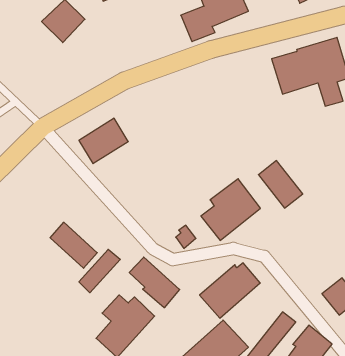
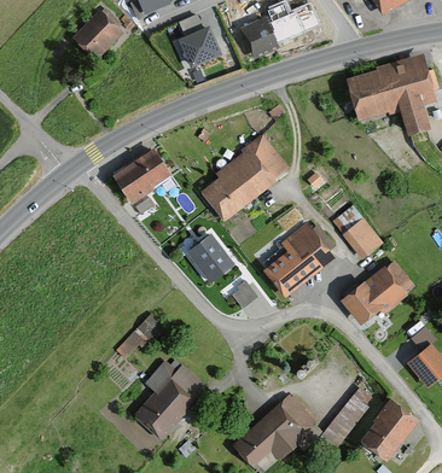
building: none -> [178,25,219,64]
building: none -> [203,136,287,221]
building: none -> [185,234,232,282]
building: [50,222,97,268] -> none
building: [129,257,180,308] -> none
building: [200,263,260,318] -> [341,262,413,328]

